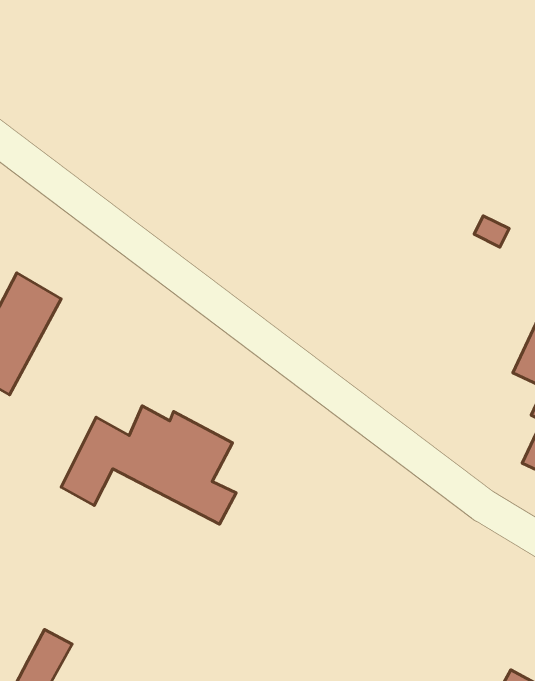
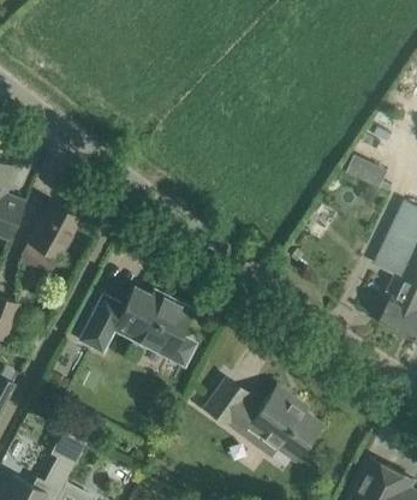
building: none -> [205,380,322,459]

